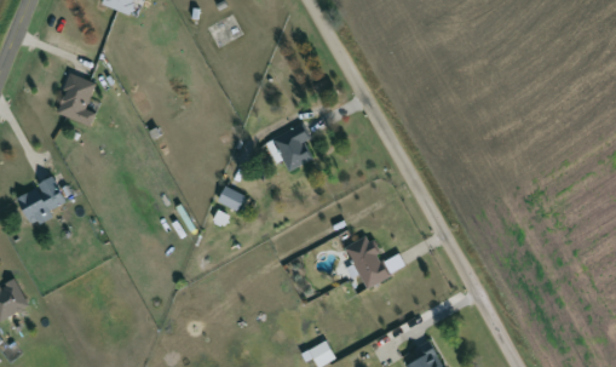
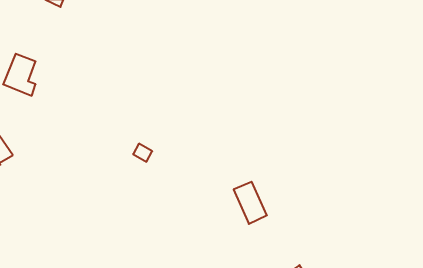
building: [270,122,310,171] -> none

